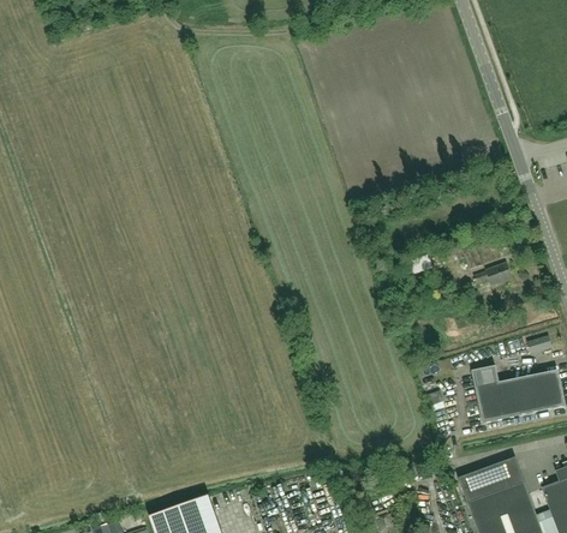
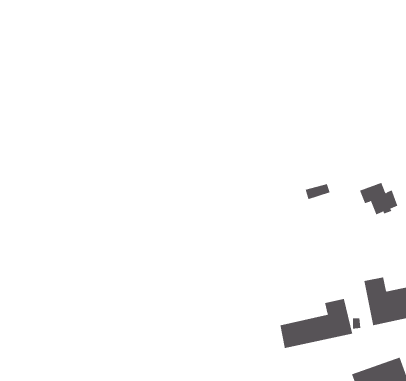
building: none -> [280,298,353,349]

